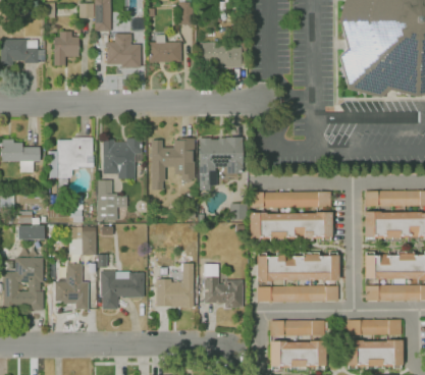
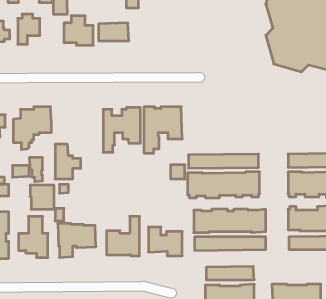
building: [200,42,246,68] -> none
building: [103,139,141,178] -> none
building: [347,319,401,334] -> none

